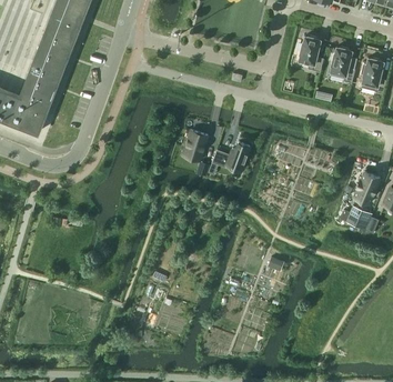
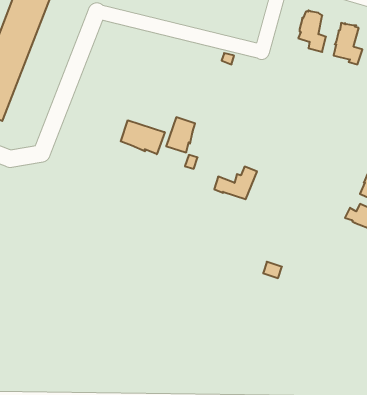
building: none -> [121,120,165,154]
building: [212,142,250,171] -> [214,167,257,199]

